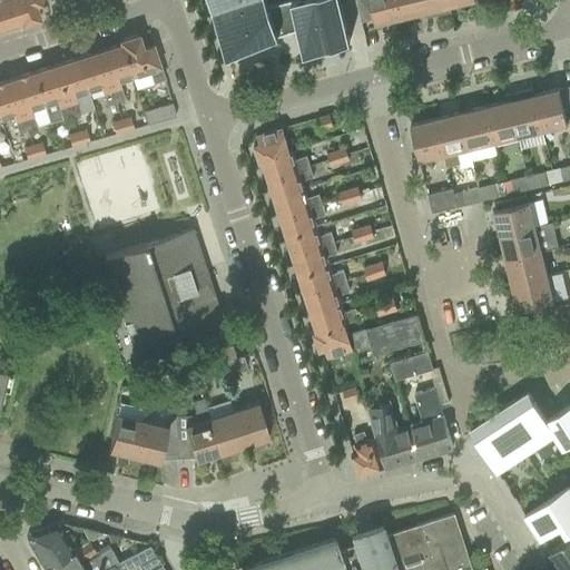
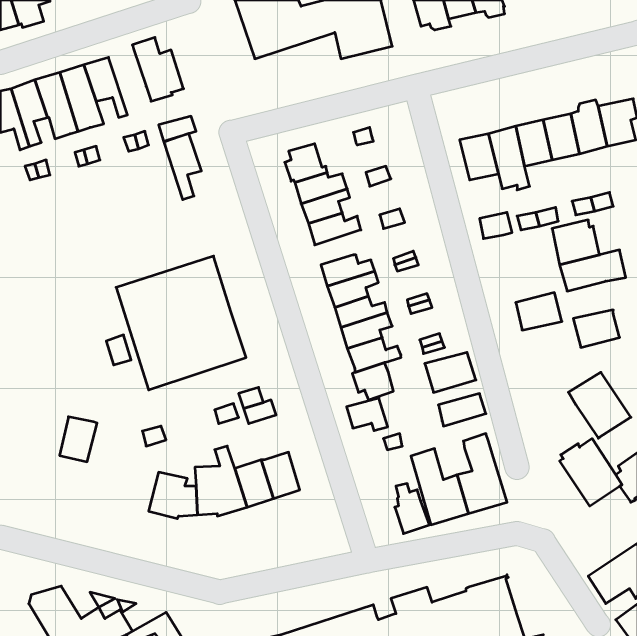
building: [98,46,131,105] -> [164,133,201,200]
building: [282,207,325,238] -> none
building: [507,253,548,286] -> [516,293,562,330]
building: [351,326,387,355] -> [347,398,388,431]
building: [471,413,527,472] -> [568,372,631,438]
building: [109,417,142,458] -> [60,417,97,462]

